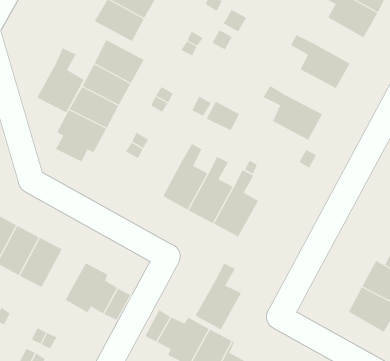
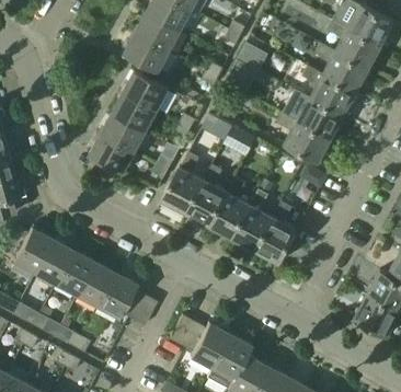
building: none -> [314,43,368,92]
building: [36,48,84,113] -> none
building: none -> [289,89,343,138]
building: none -> [161,151,203,212]
building: none -> [76,261,115,307]
building: [195,263,242,330] -> [254,201,297,263]

